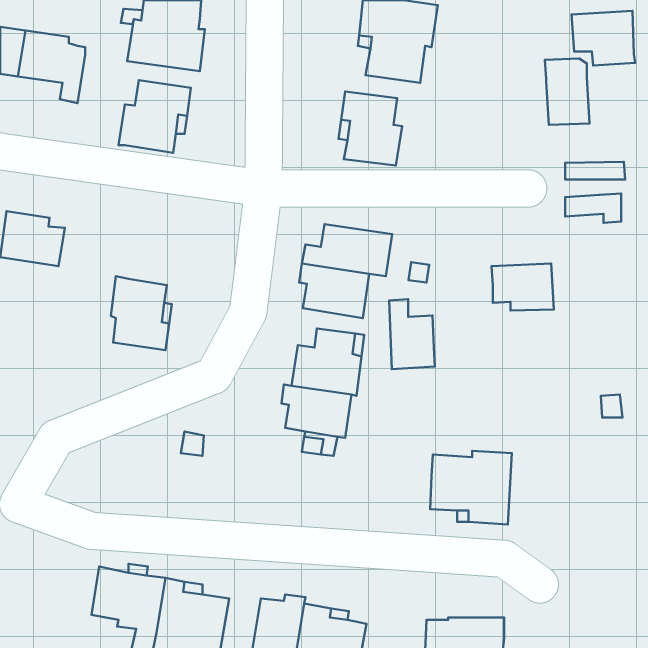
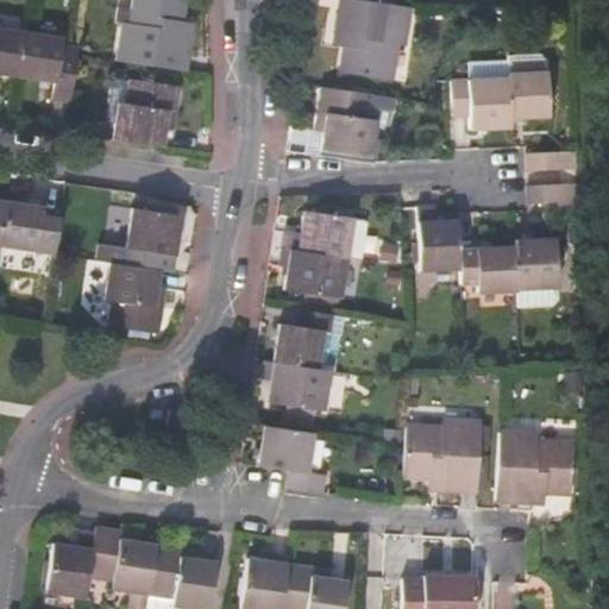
building: [572,11,635,65] -> [456,79,515,130]
building: none -> [123,207,180,269]
building: none -> [517,239,560,307]
building: [389,299,435,369] -> [420,206,463,271]
building: none -> [259,426,325,492]
building: none -> [496,437,576,506]
building: none -> [45,529,95,596]

